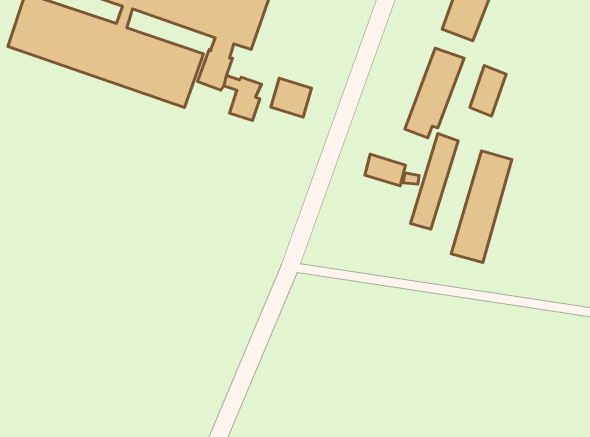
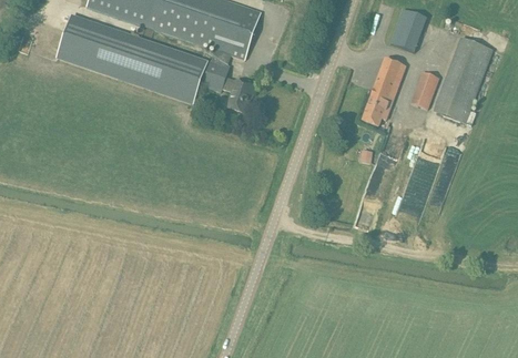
building: none -> [435,35,490,122]
building: [271,78,311,117] -> none
building: [365,154,406,186] -> none

